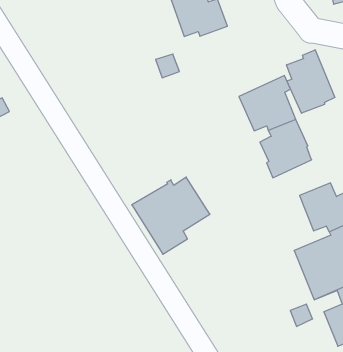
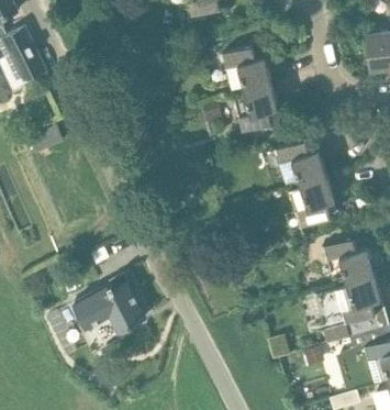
building: none -> [232,81,278,131]
building: [287,50,335,113] -> none
building: [132,177,210,254] -> [74,280,145,350]

